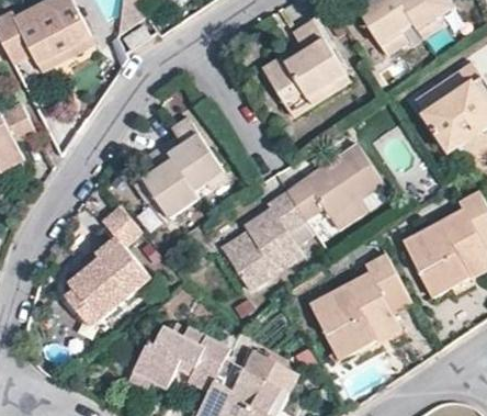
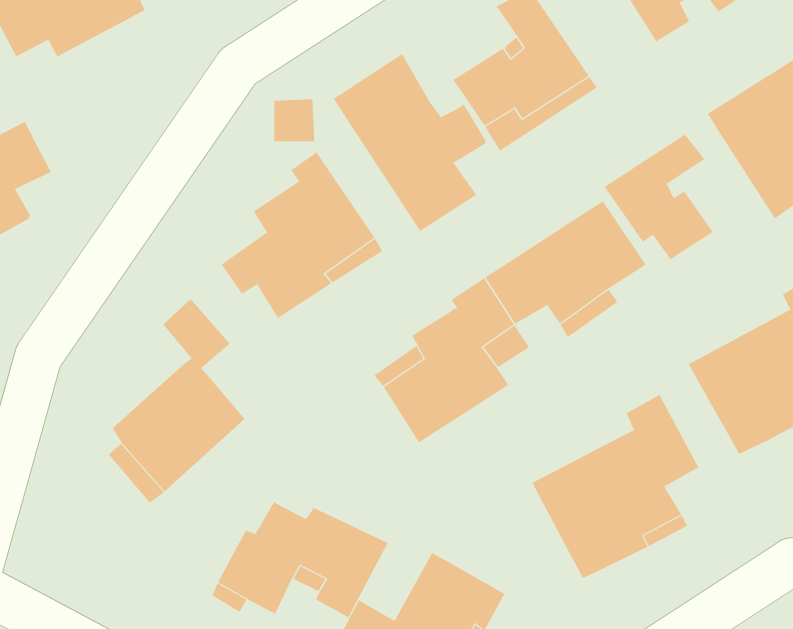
building: none -> [333,53,486,232]
building: none -> [604,134,713,260]

